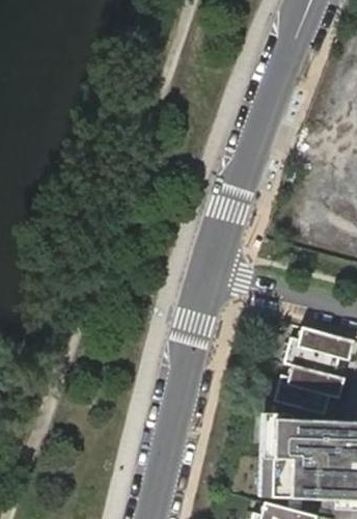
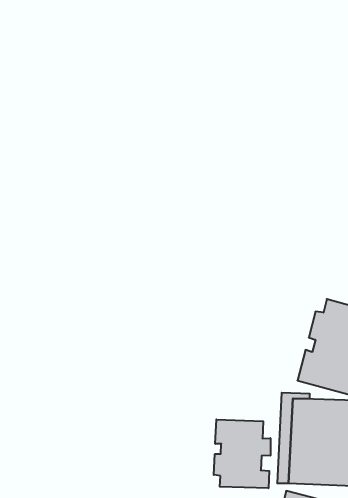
building: none -> [214,419,270,488]

